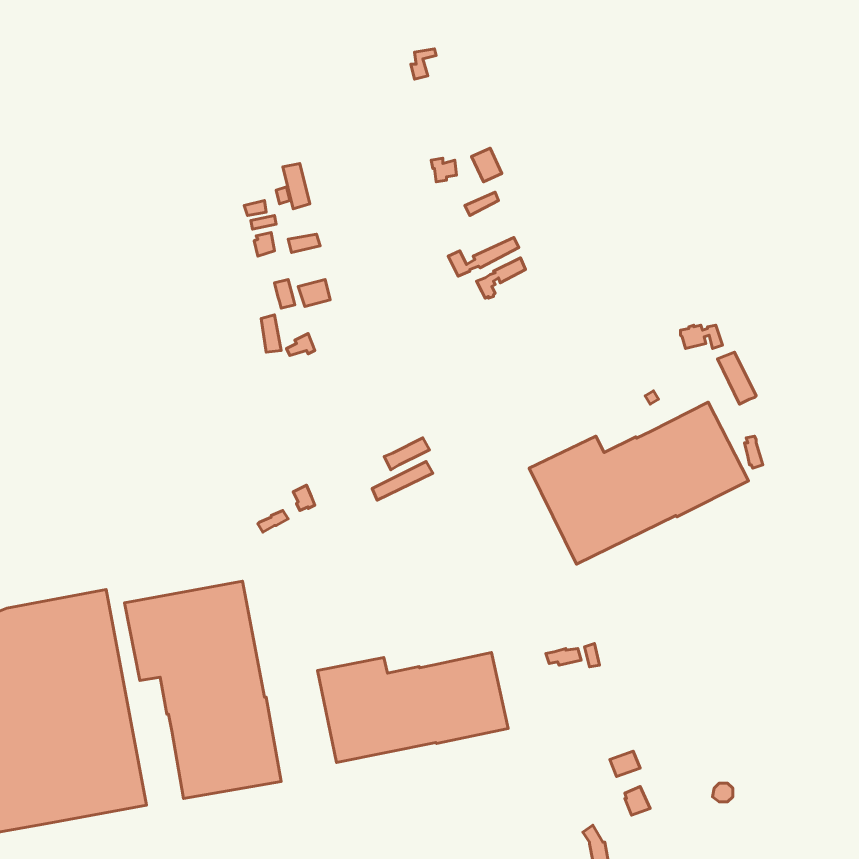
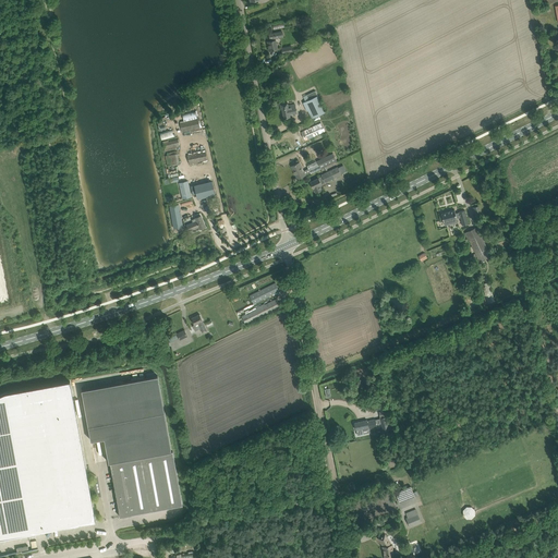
building: [529,402,748,564] -> none
building: [317,653,508,763] -> none

